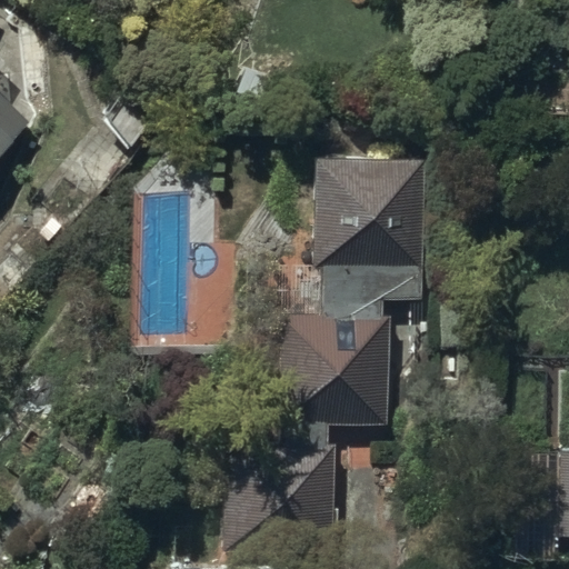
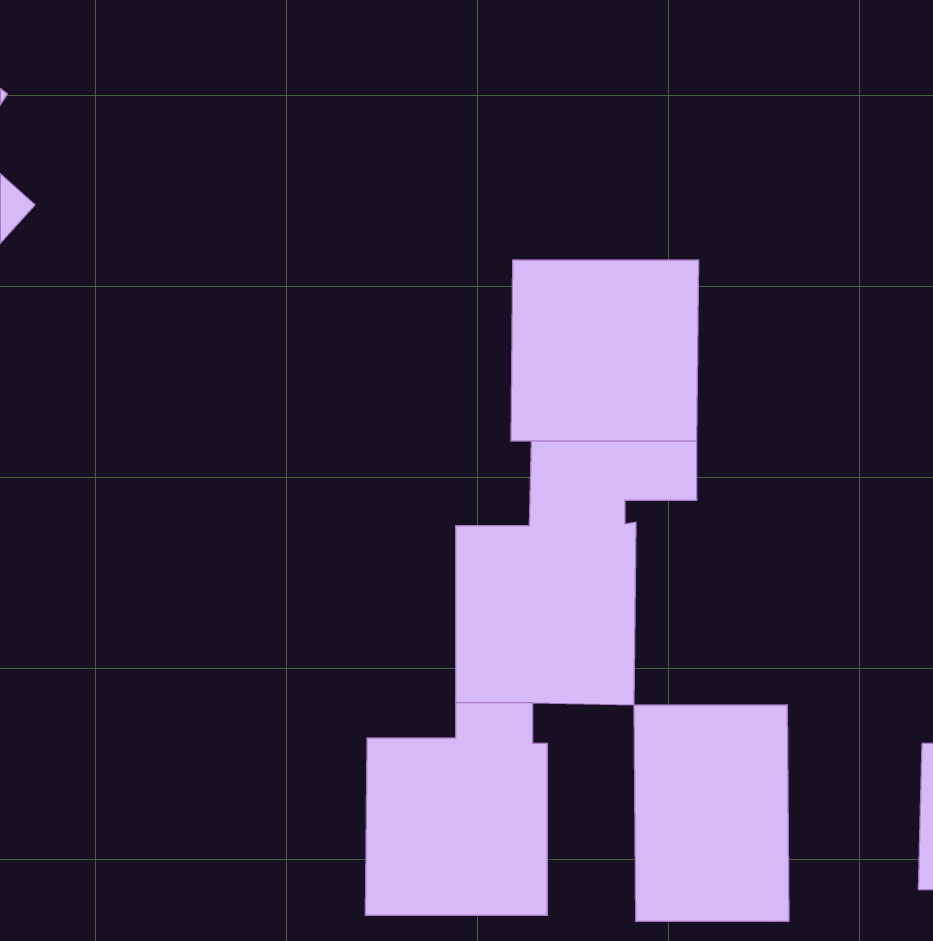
building: none -> [634,705,789,922]

